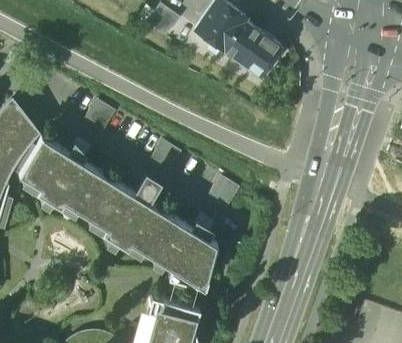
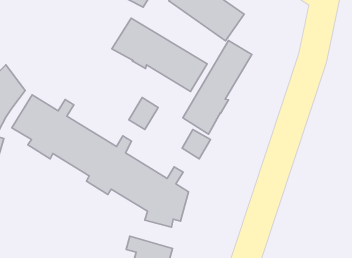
building: none -> [112,18,207,91]
building: none -> [183,41,252,134]

